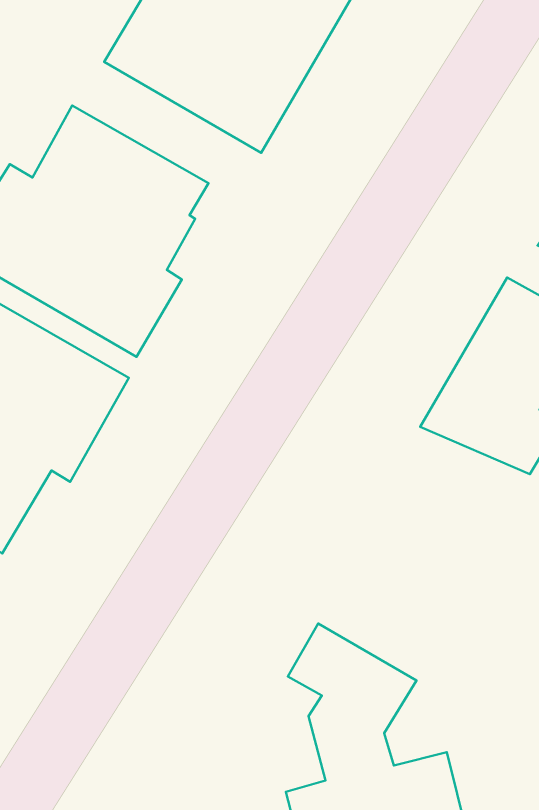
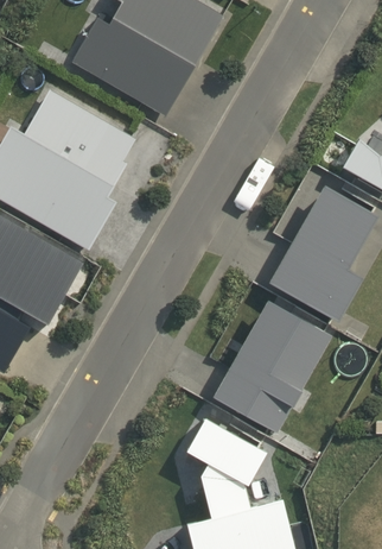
building: none -> [209,309,331,433]

